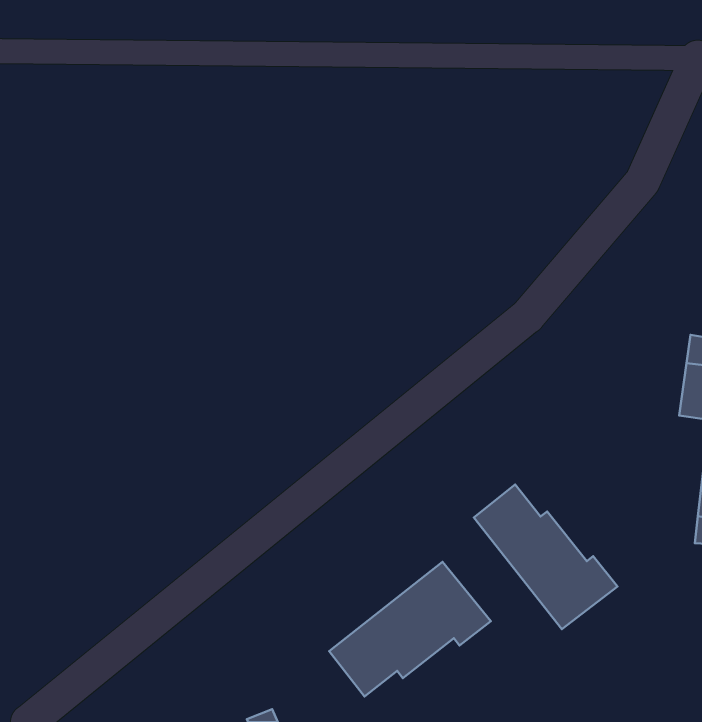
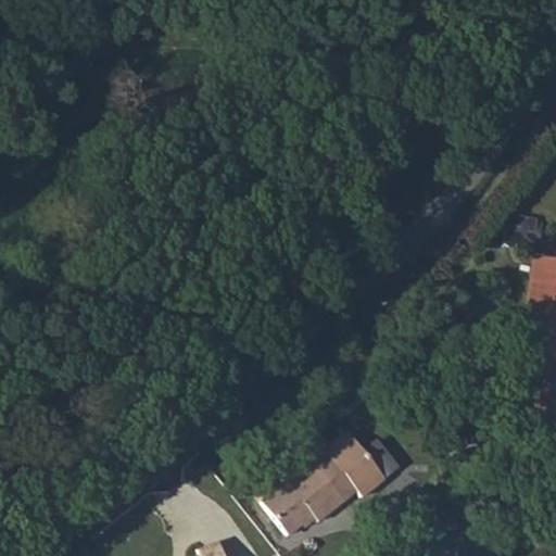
building: [474,484,618,629] -> none

